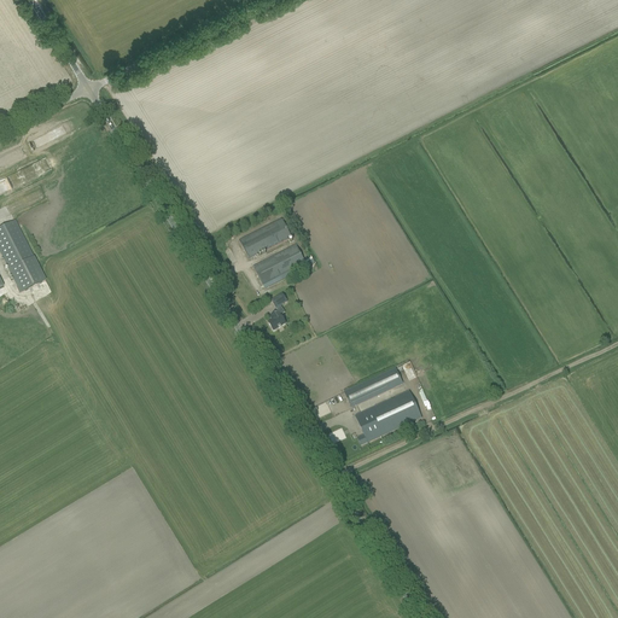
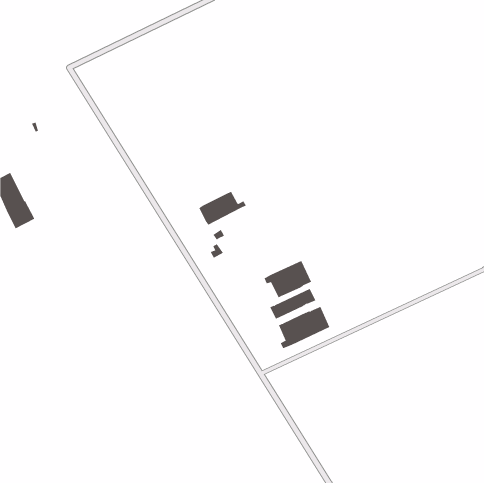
building: [238,216,291,256] -> none
building: none -> [264,260,312,299]

